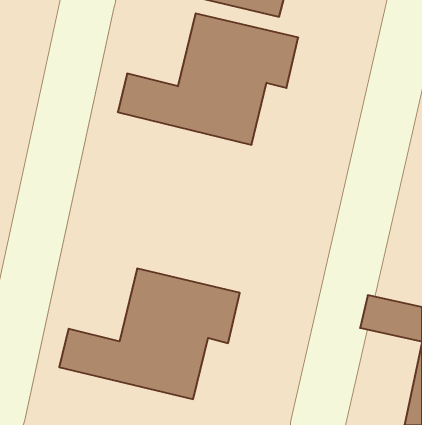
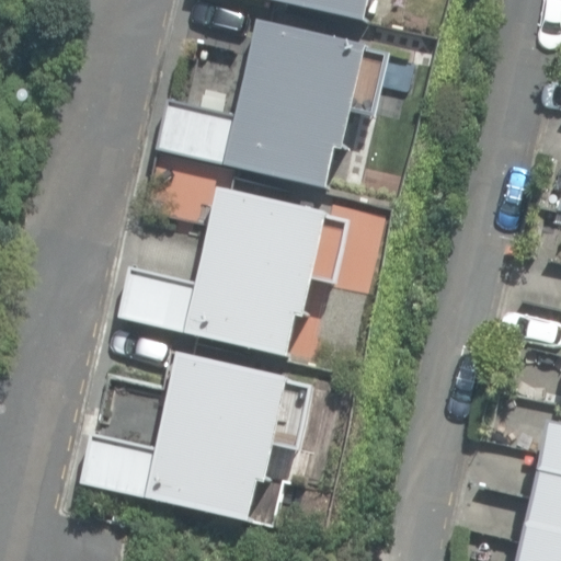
building: none -> [116,185,354,357]

